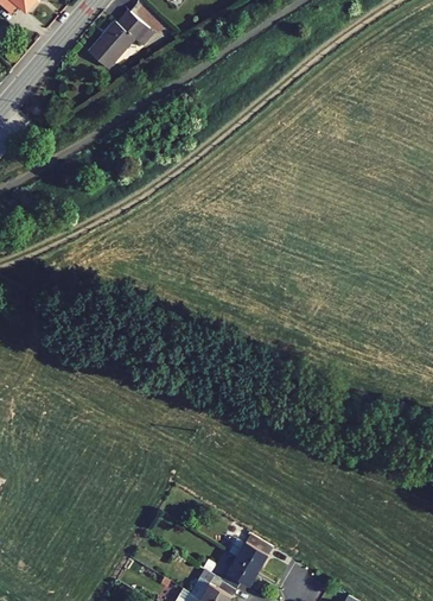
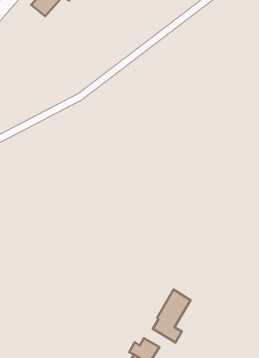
building: none -> [153,290,190,342]

